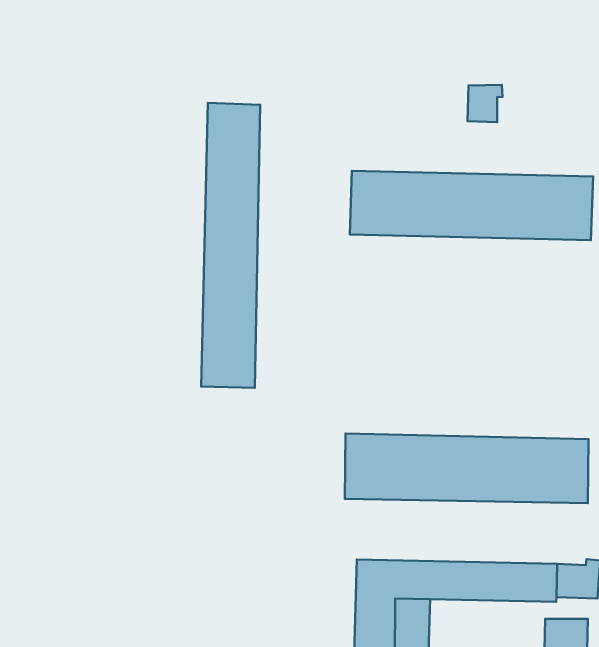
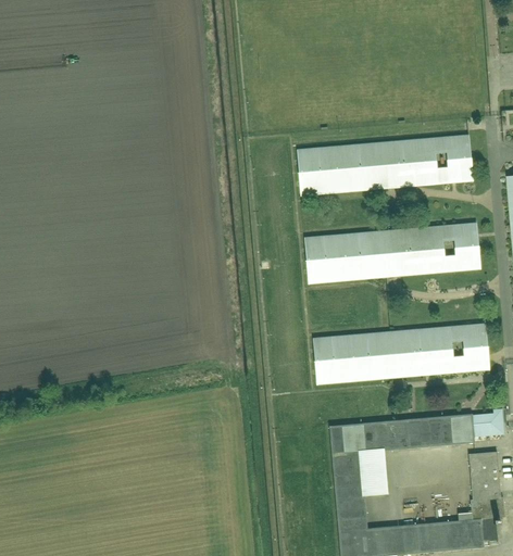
building: [468,85,502,122] -> none
building: [201,103,260,388] -> none
building: none -> [303,222,480,283]

